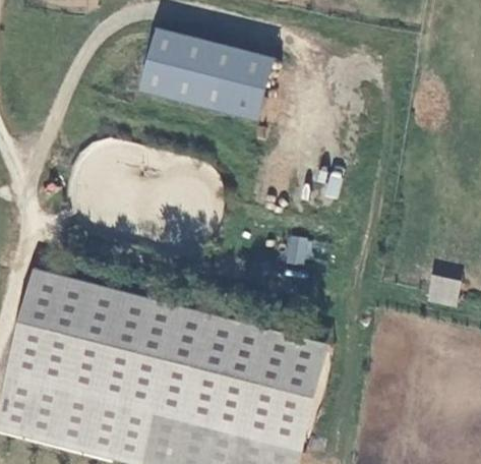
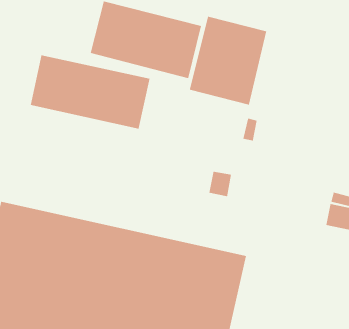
building: none -> [189,16,267,105]
building: none -> [30,55,150,130]

